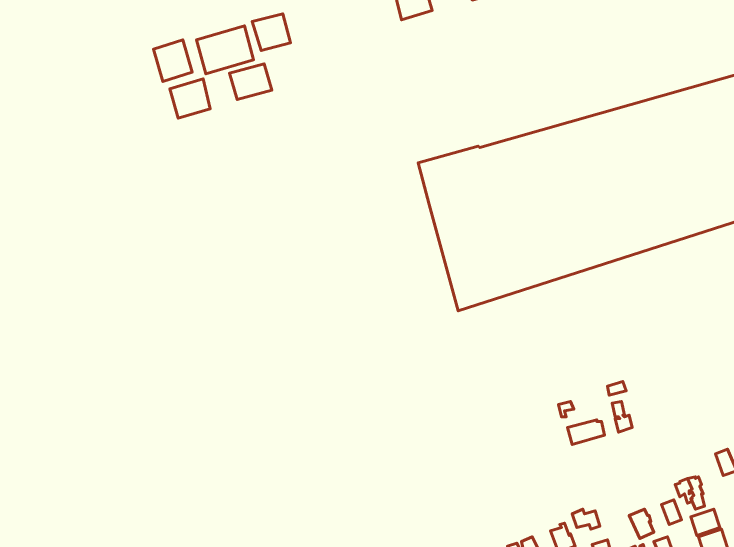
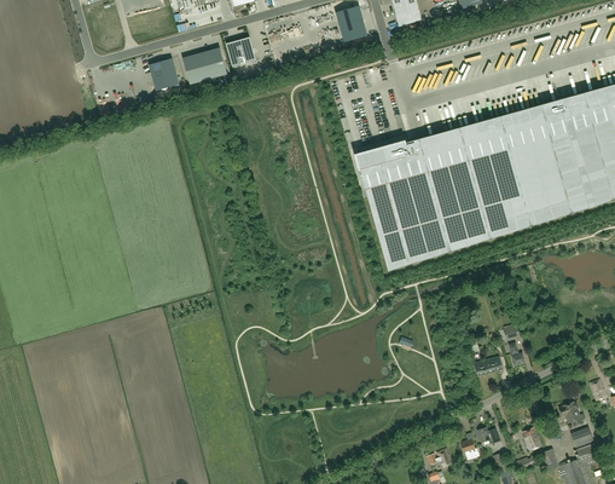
building: [230,64,272,99] -> none
building: [170,79,210,118] -> none

